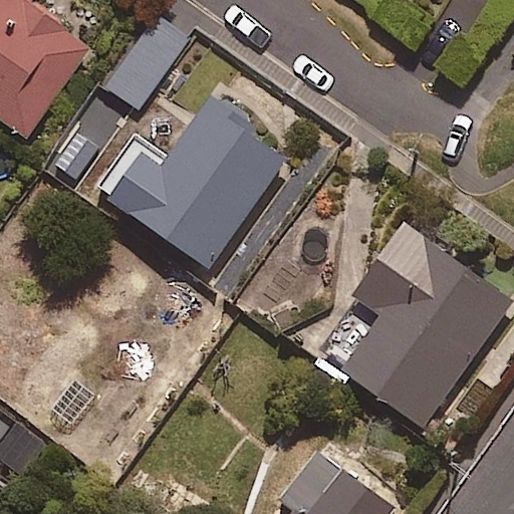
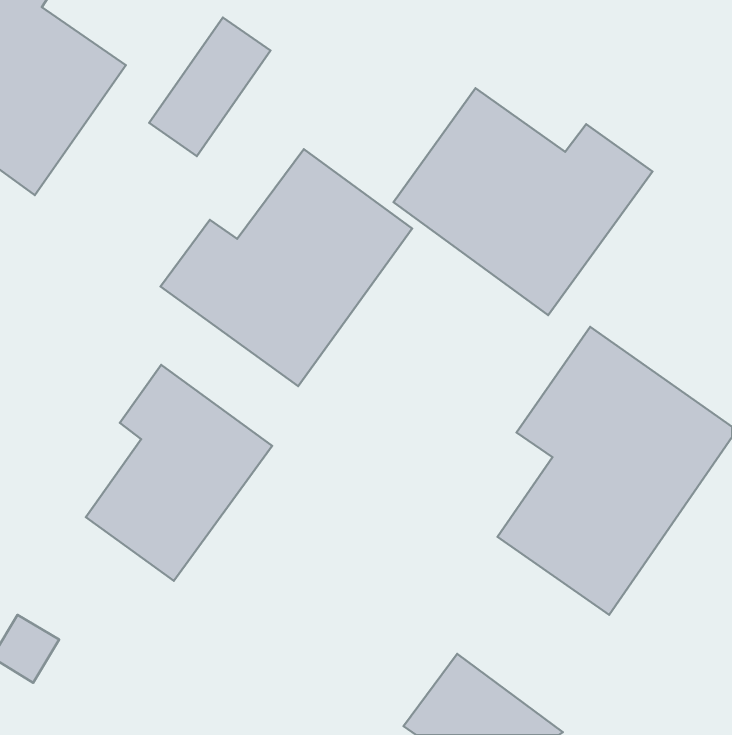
building: none -> [393,88,652,315]
building: none -> [86,365,272,581]

